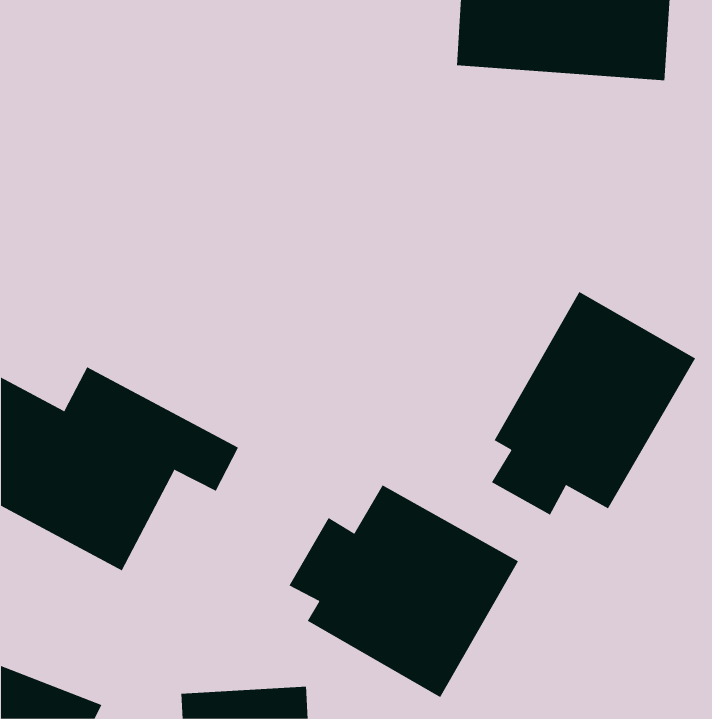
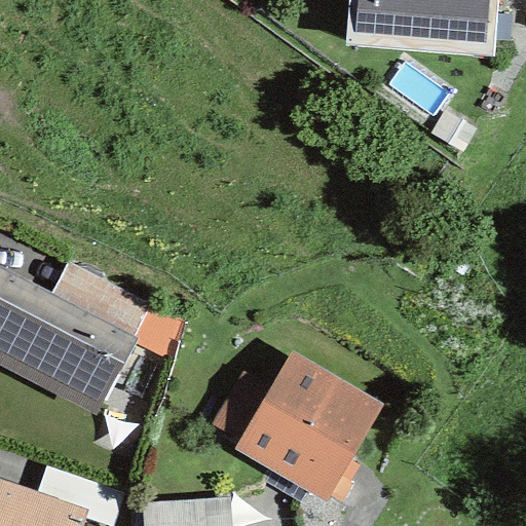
building: [491,291,696,515] -> none

